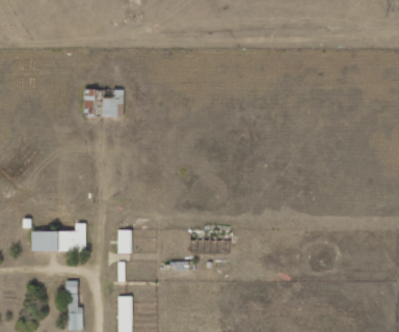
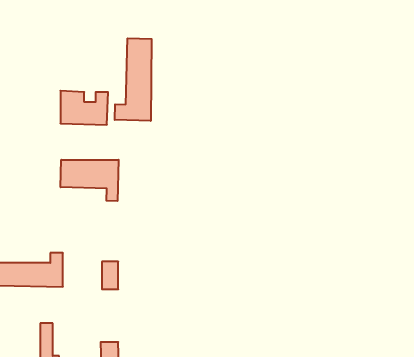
building: none -> [115,38,152,121]
building: none -> [61,160,119,201]

